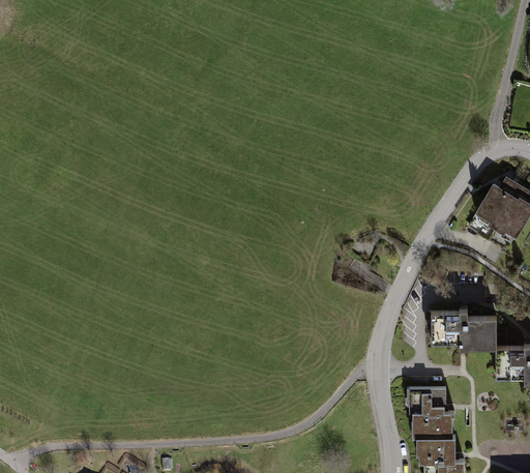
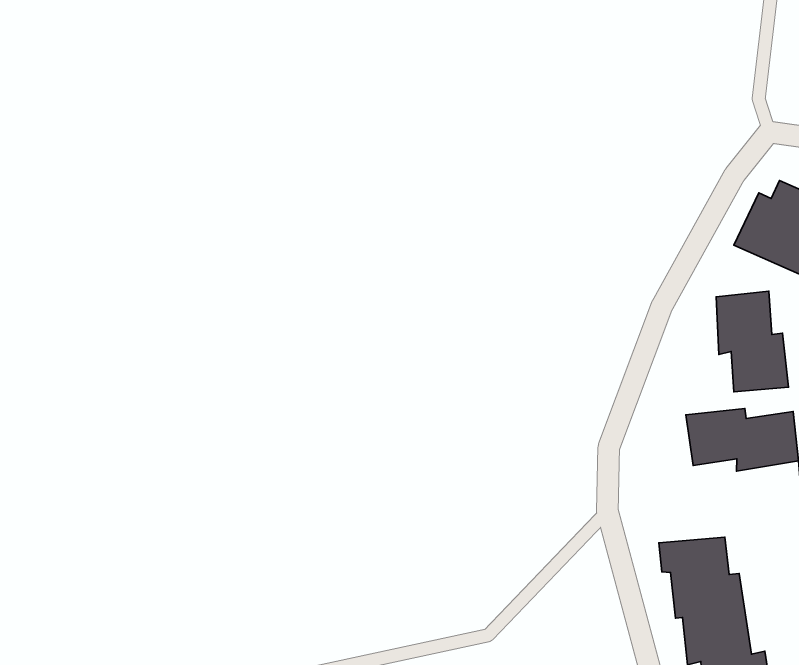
building: none -> [716,291,789,392]

